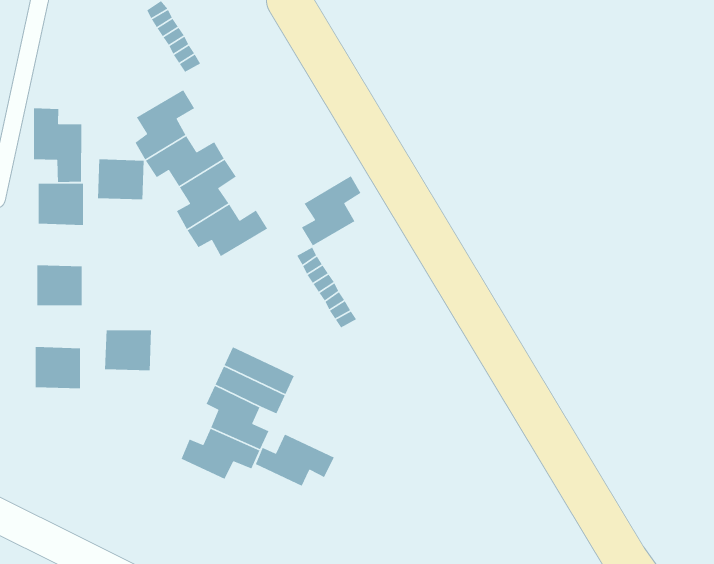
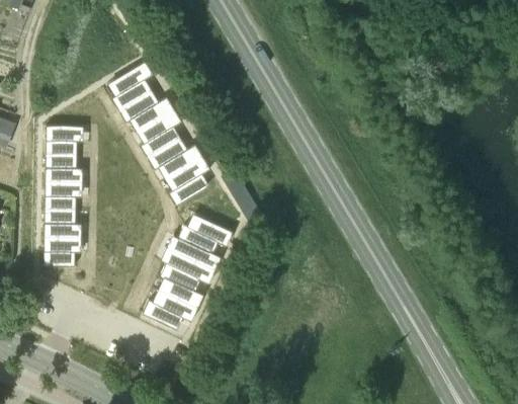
building: [33,107,82,183] -> none
building: [97,159,145,200] -> [46,154,78,182]
building: [301,175,362,247] -> [169,157,210,206]
building: [104,330,152,371] -> [45,210,77,238]
building: [255,433,335,487] -> [179,216,234,252]

